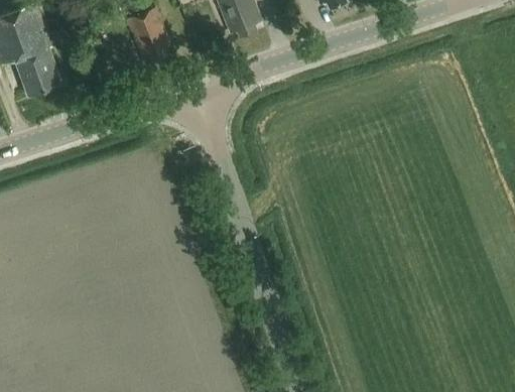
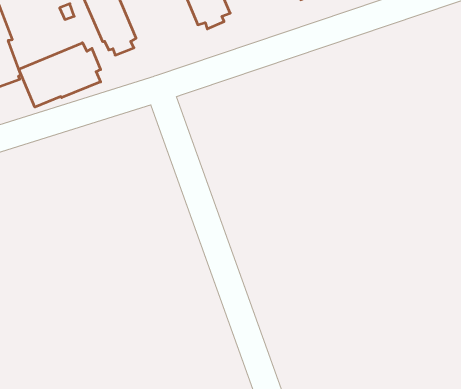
building: none -> [19,43,101,107]

